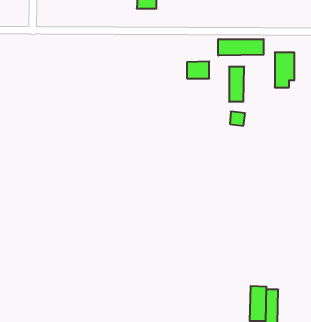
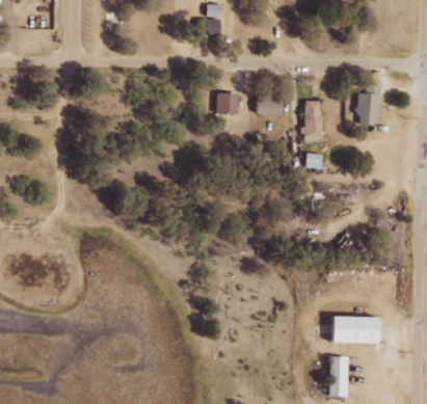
building: [218,39,264,56] -> none
building: none -> [211,91,233,113]
building: none -> [339,316,384,345]

